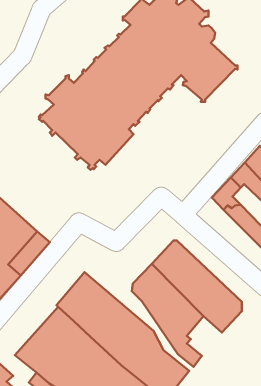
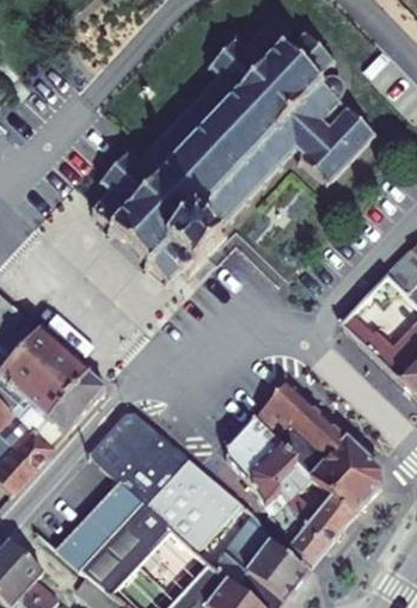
building: none -> [87,411,157,478]
building: none -> [303,493,354,551]

